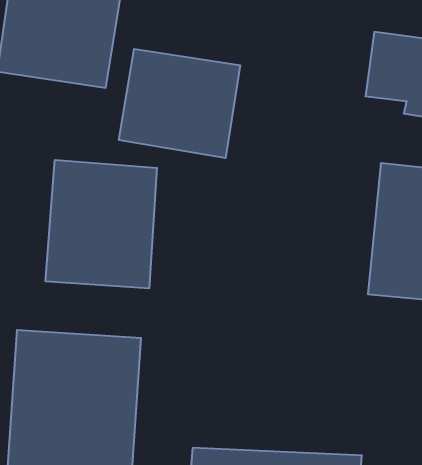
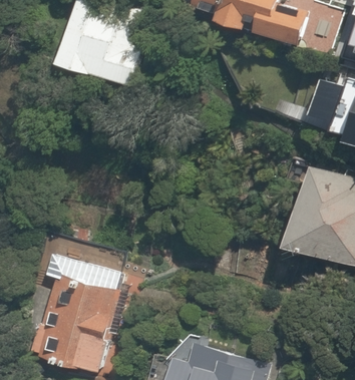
building: [119,49,240,158] -> none
building: [46,160,157,288] -> none

